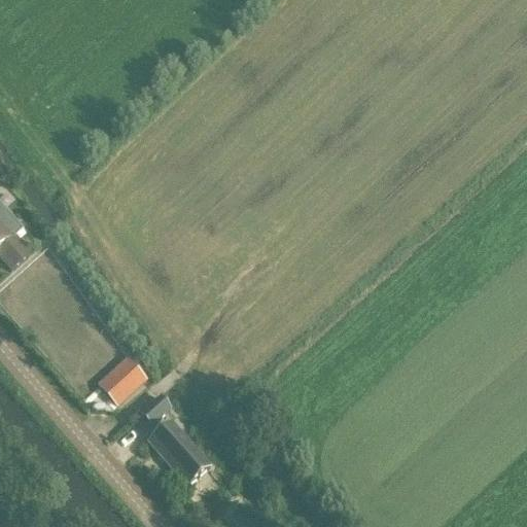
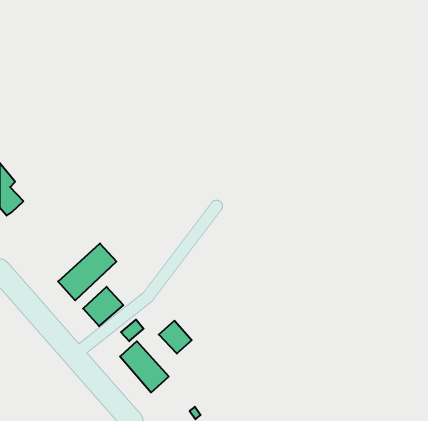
building: none -> [58,243,116,300]
building: none -> [159,321,192,354]

